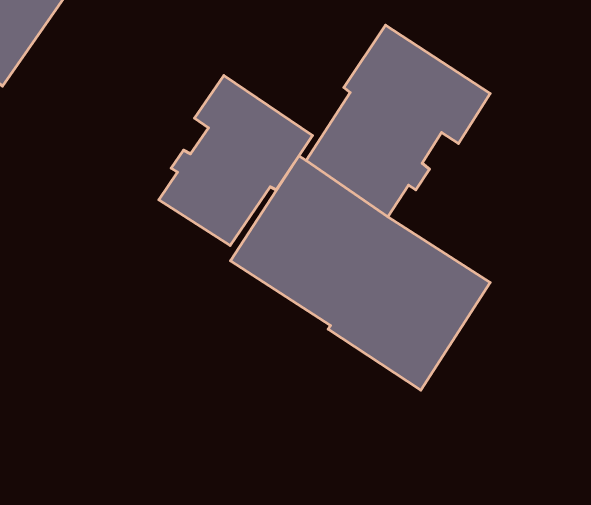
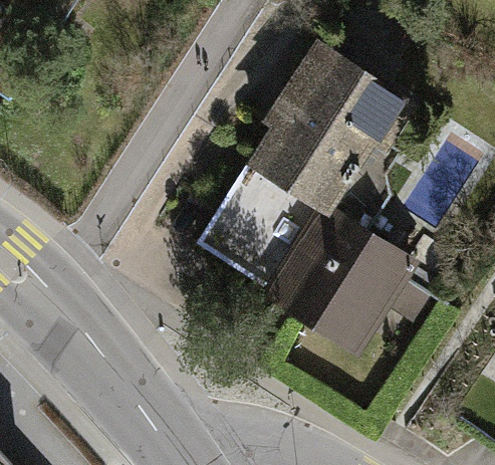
building: [159,75,312,245] -> none

